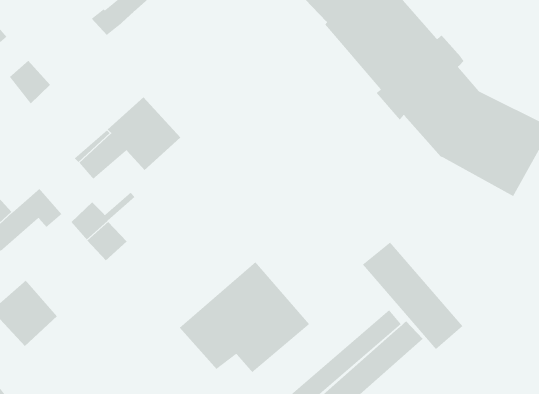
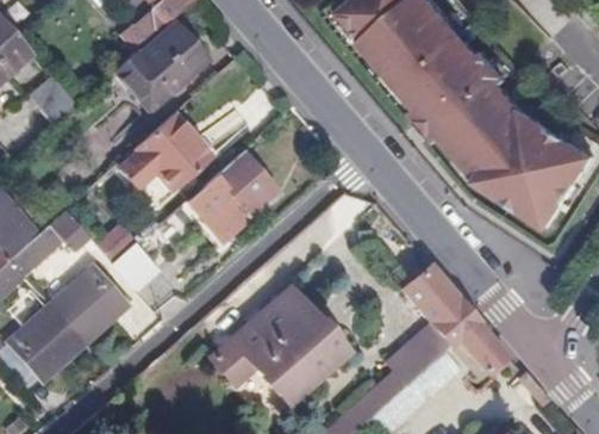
building: none -> [112,26,205,112]
building: none -> [186,154,273,242]
building: none -> [49,273,121,345]

